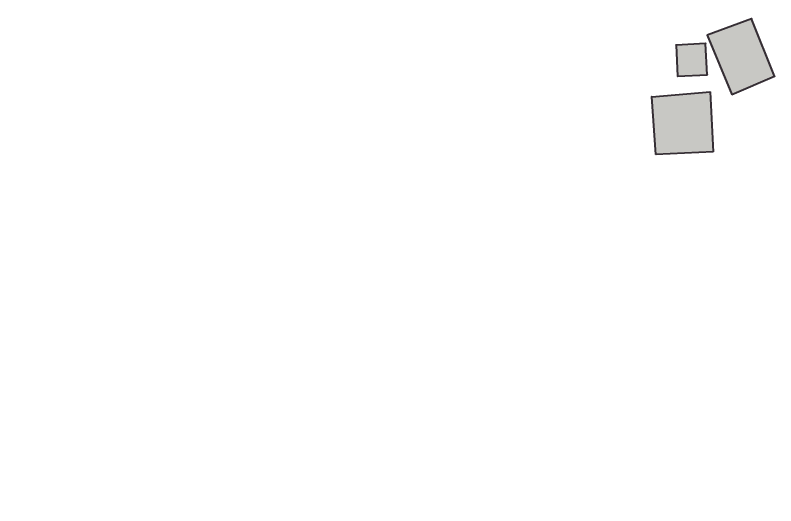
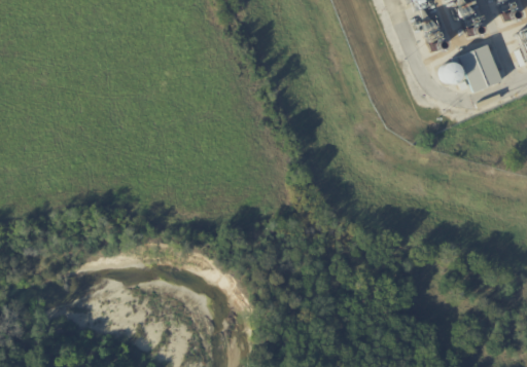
building: [652,92,713,154] -> none

